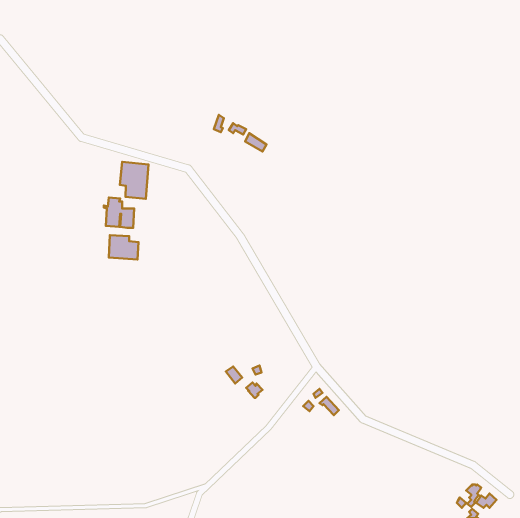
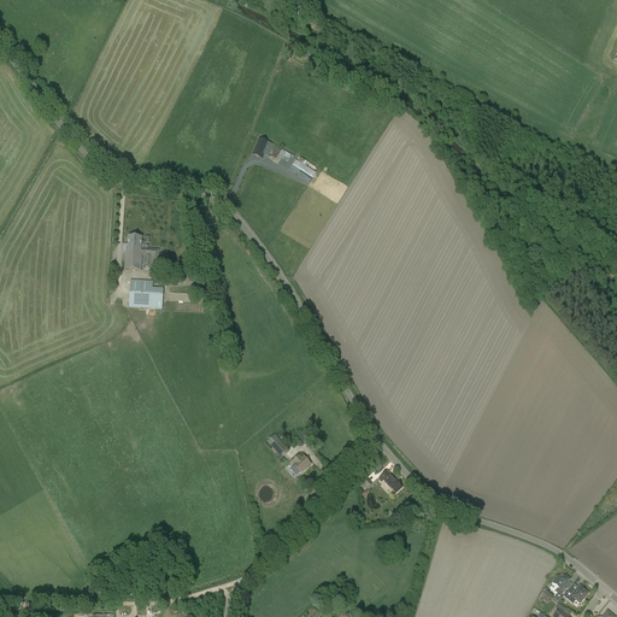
building: [120,162,149,199] -> none

